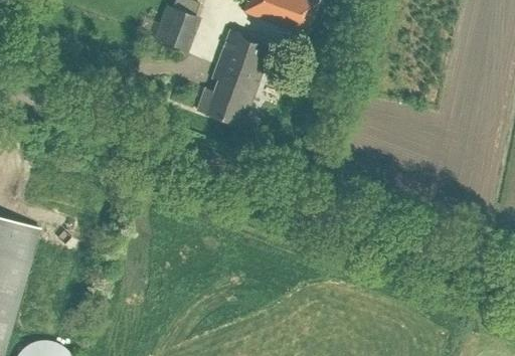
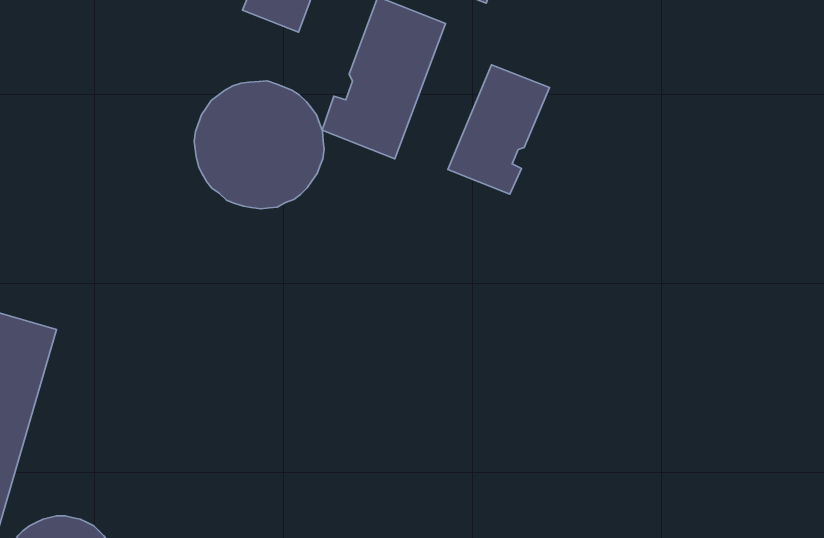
building: none -> [448,65,550,194]
building: none -> [194,81,324,209]

